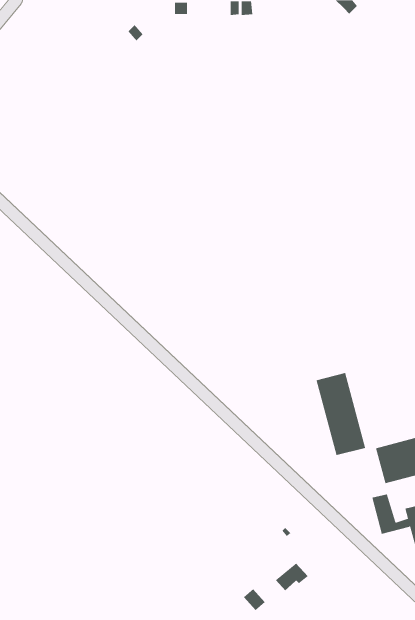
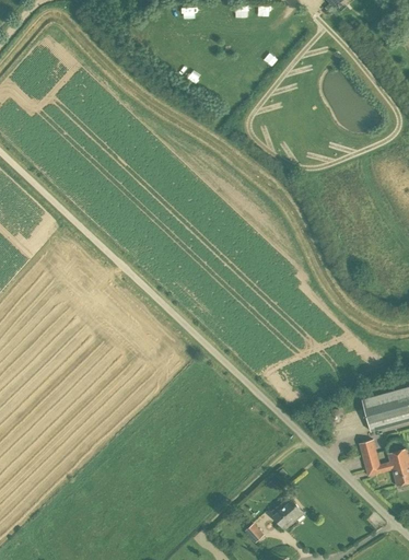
building: [316,372,366,456] -> none

